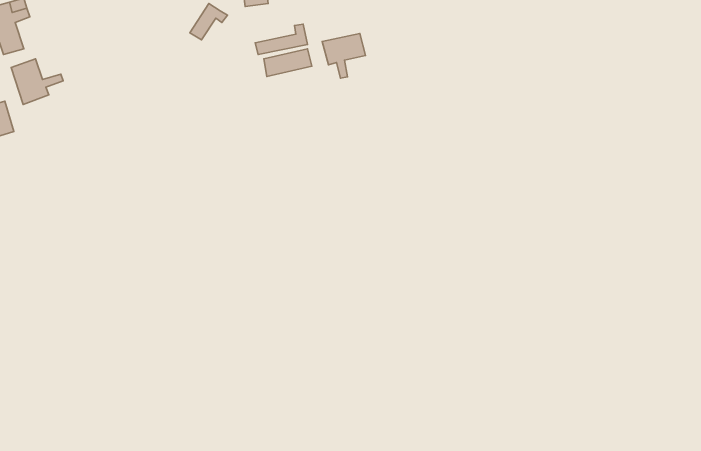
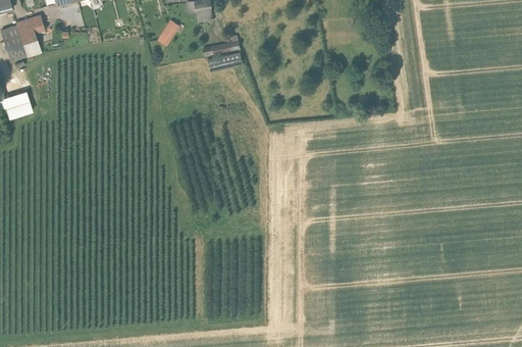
building: [322,34,365,78] -> none
building: [11,59,63,105] -> none

